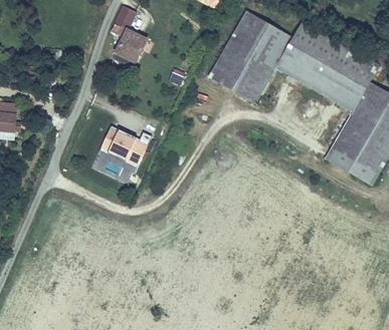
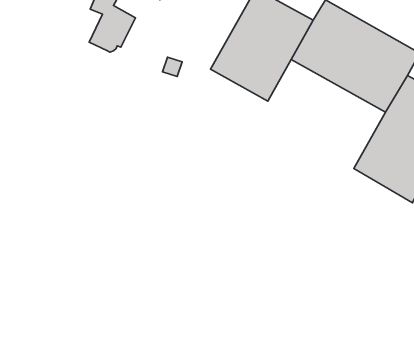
building: [101,125,152,167] -> none

